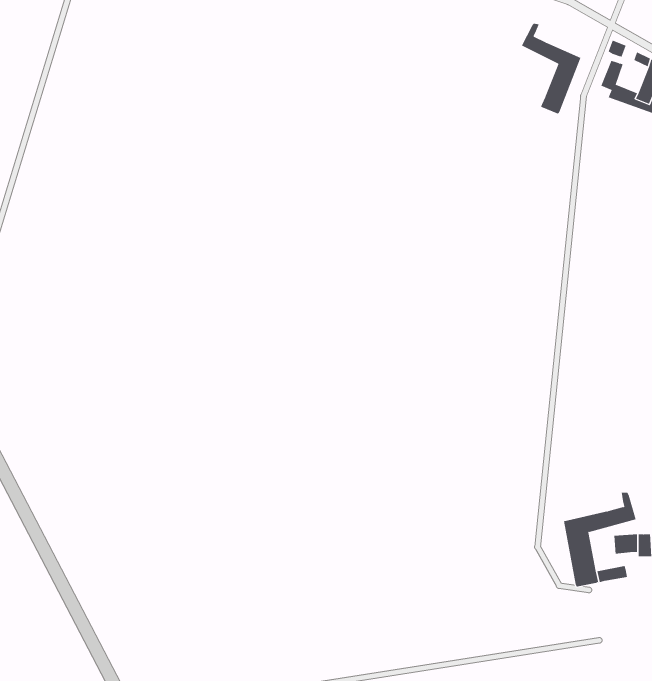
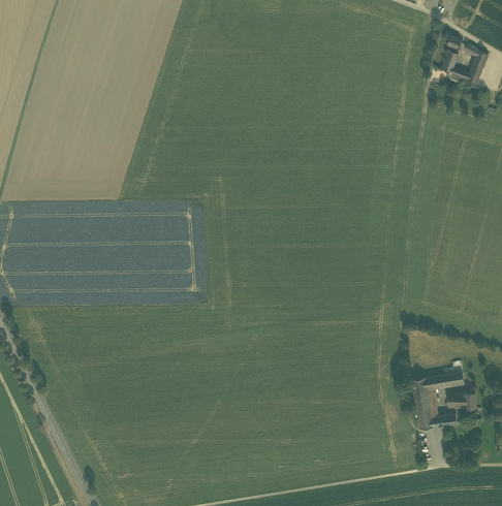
building: [521,23,581,114] -> none

